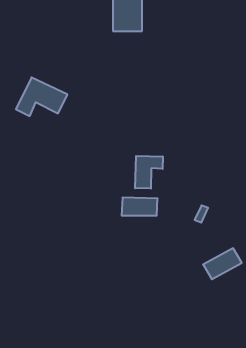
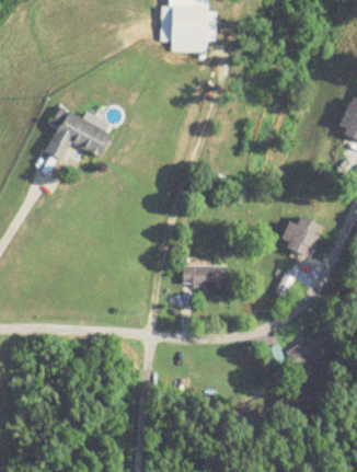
building: [135,156,163,189] -> none
building: none -> [286,216,322,256]

